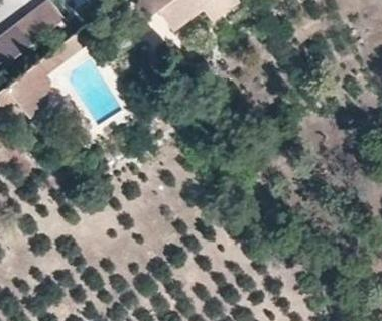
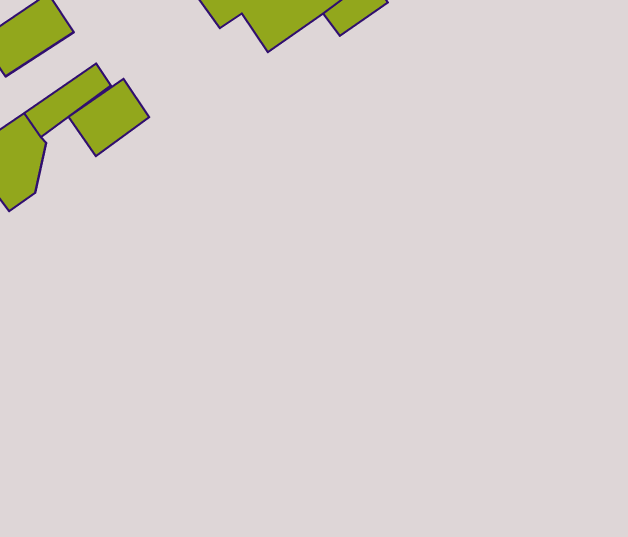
building: none -> [68,79,149,156]

